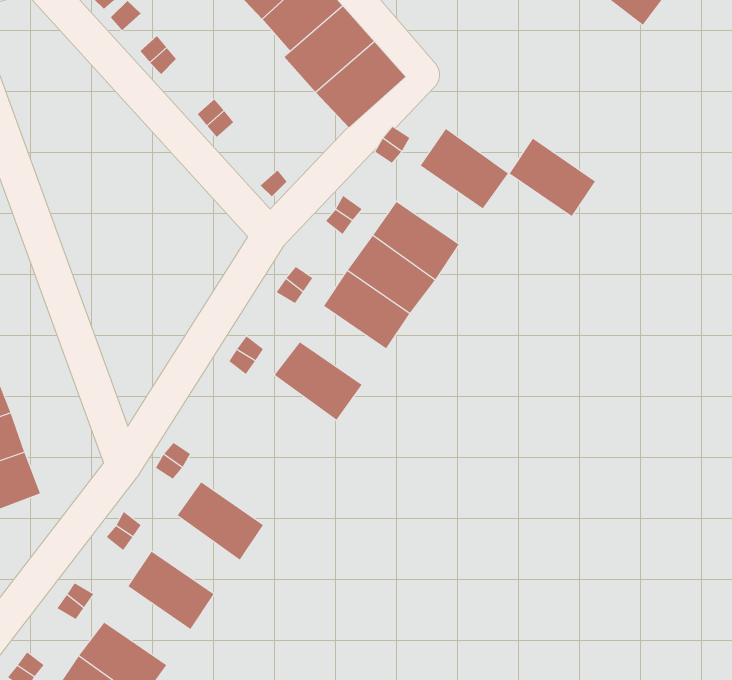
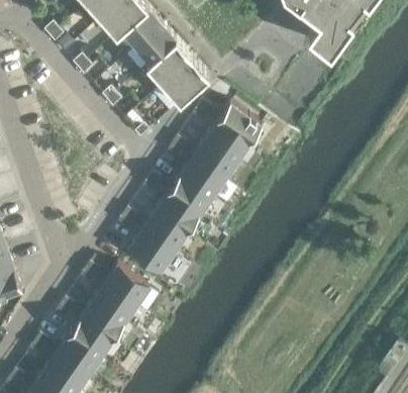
building: [509,138,596,217] -> [203,125,247,166]
building: none -> [154,197,198,237]
building: none -> [127,232,173,274]
building: none -> [103,268,148,309]
building: none -> [78,304,123,345]
building: none -> [54,340,98,381]

